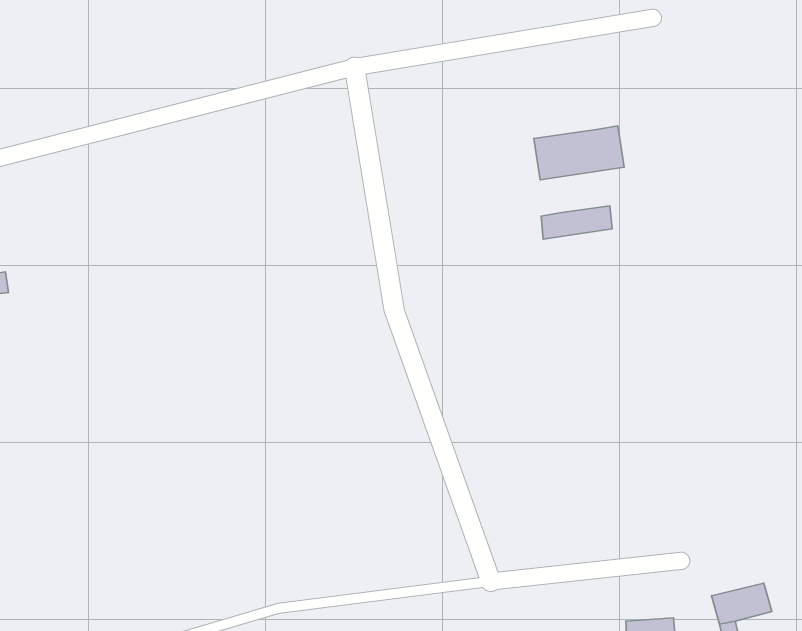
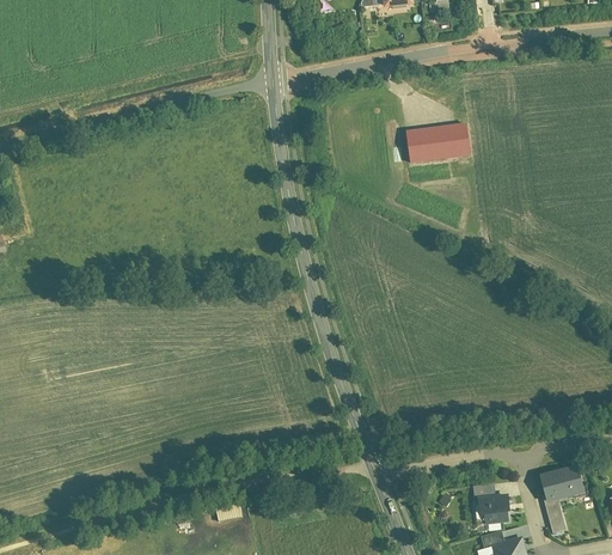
building: [541,206,612,239] -> none

